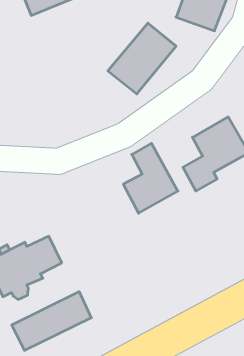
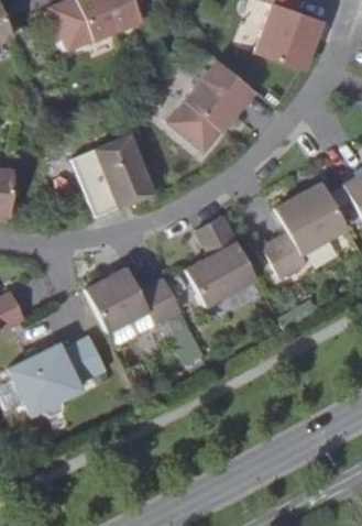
building: none -> [72,134,153,217]
building: none -> [85,267,182,331]
building: [12,292,91,350] -> none

